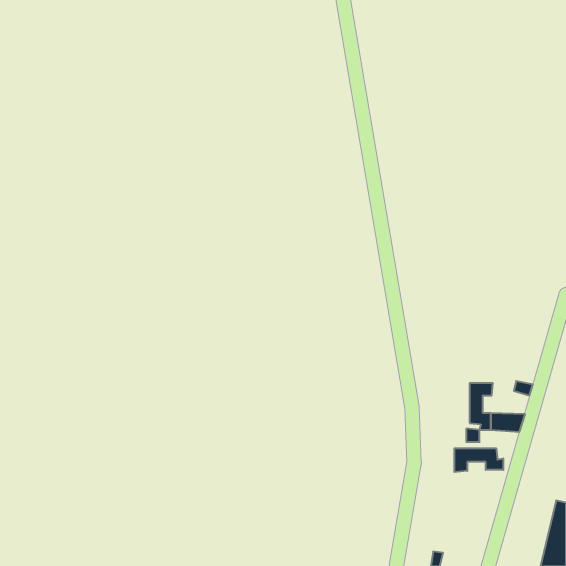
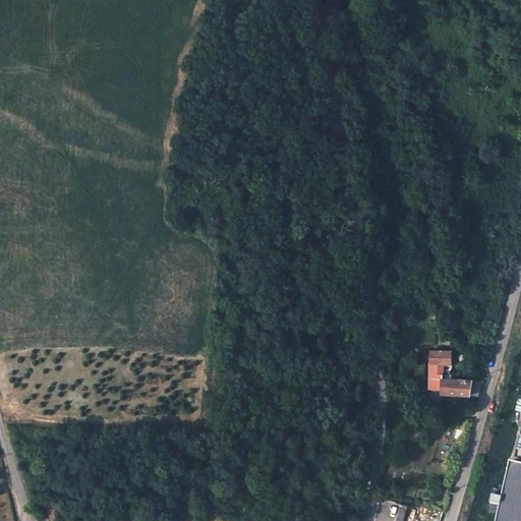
building: [454,448,503,472] -> none

